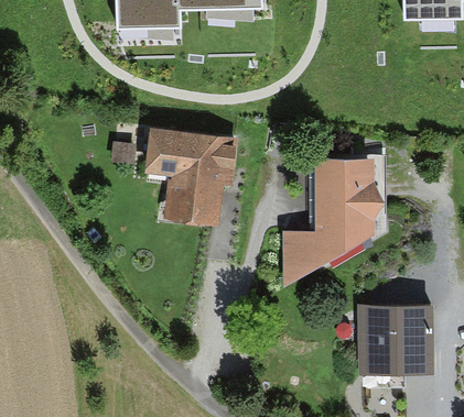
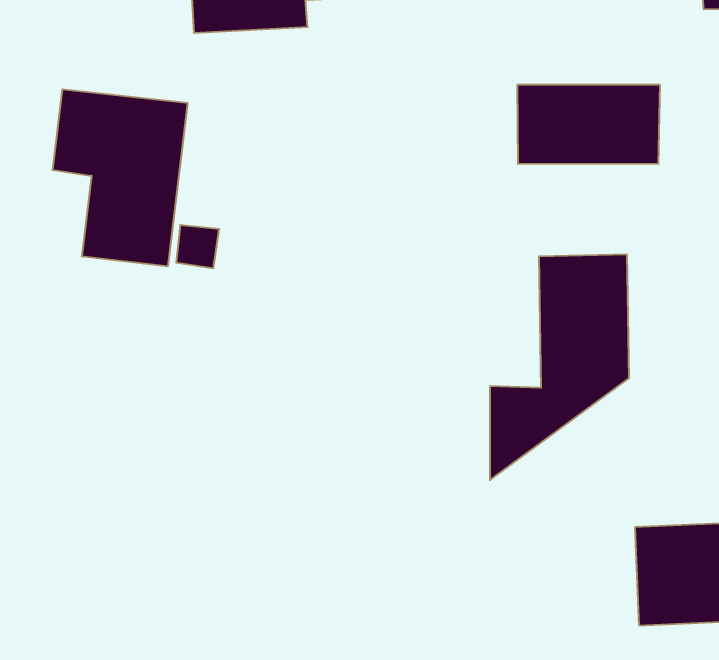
building: none -> [518,85,660,164]
building: [144,125,220,224] -> [52,89,188,266]

